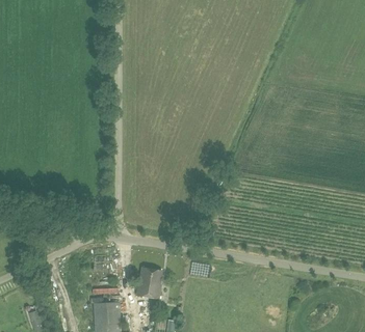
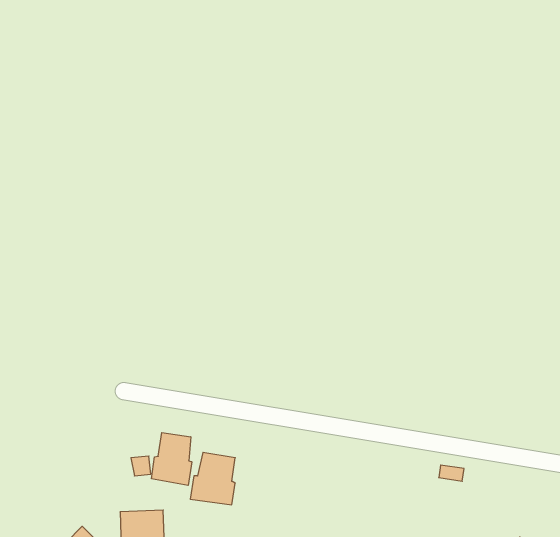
building: none -> [152,433,192,485]

